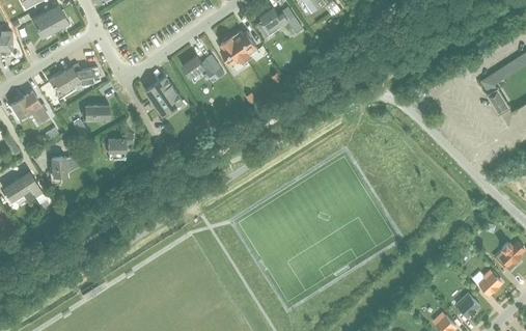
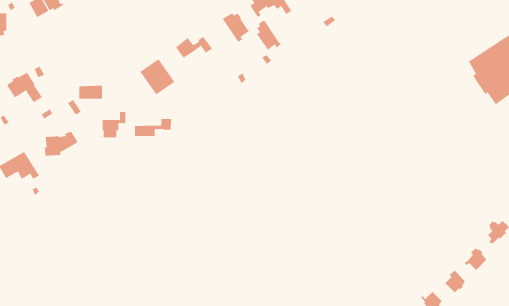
building: [220,35,246,66] -> [256,20,282,50]
building: [48,62,99,98] -> none
building: none -> [135,118,172,137]

